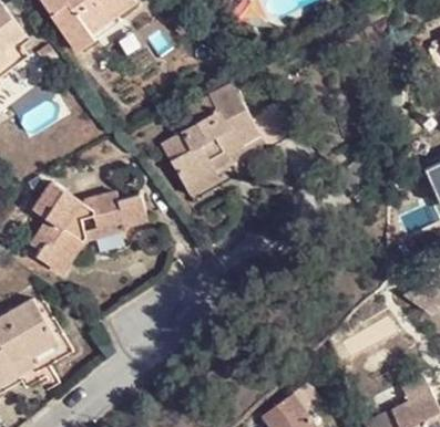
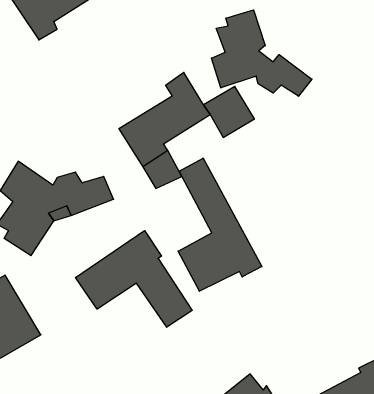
building: none -> [211,10,312,96]
building: none -> [178,158,262,291]
building: none -> [76,231,192,327]

